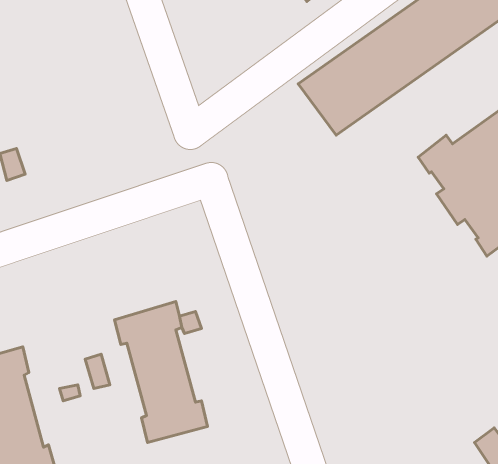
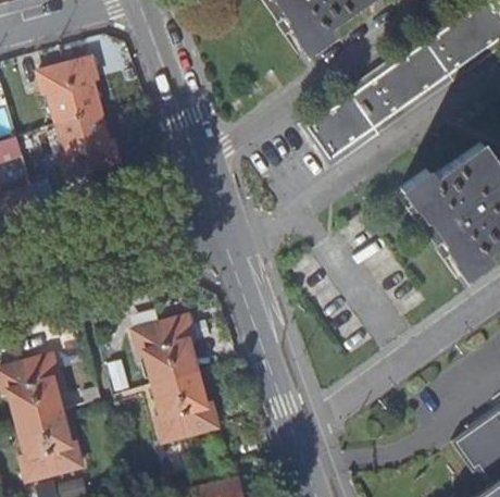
building: none -> [38,57,118,176]

